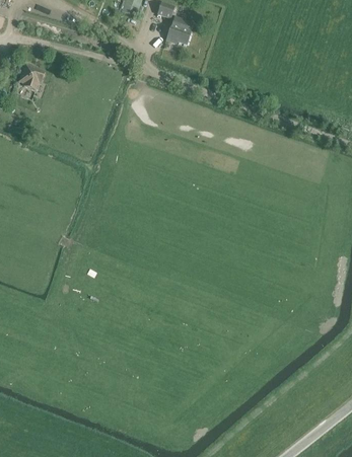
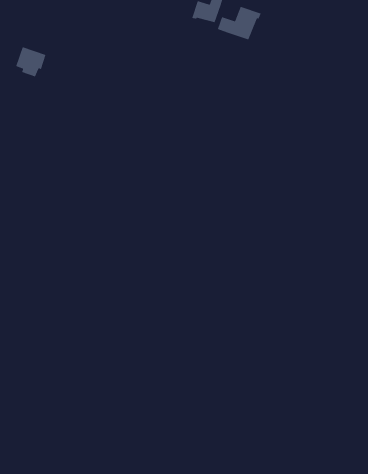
building: none -> [217,6,262,41]

